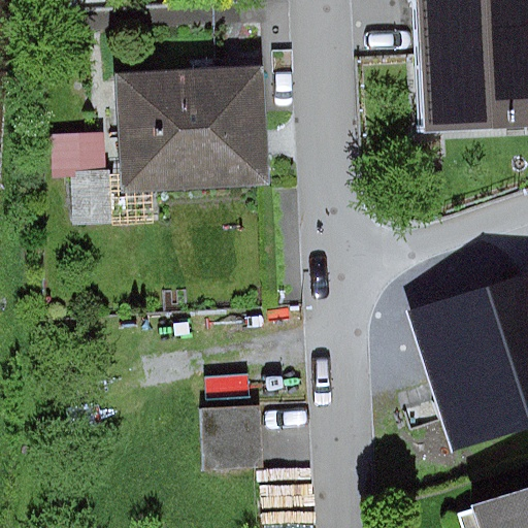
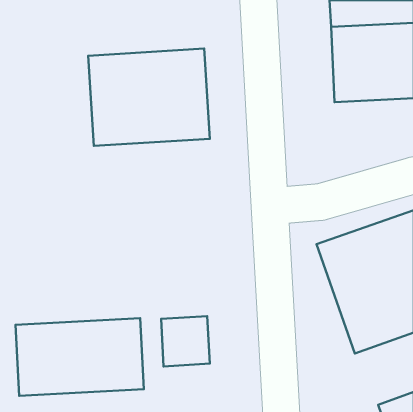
building: none -> [16,318,144,396]

